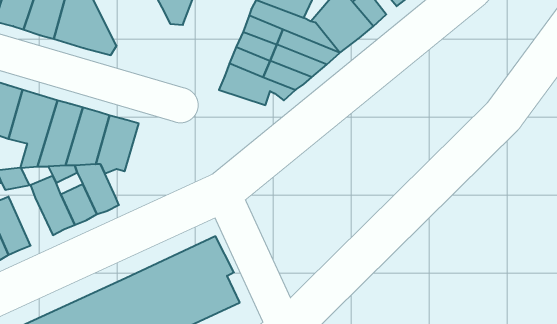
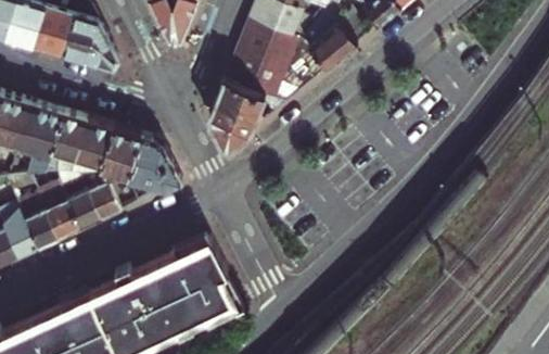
building: none -> [207,106,261,154]
building: none -> [124,138,179,201]
building: none -> [16,205,56,252]

